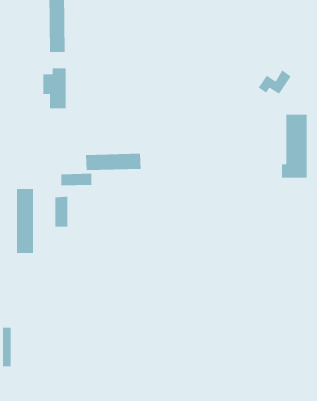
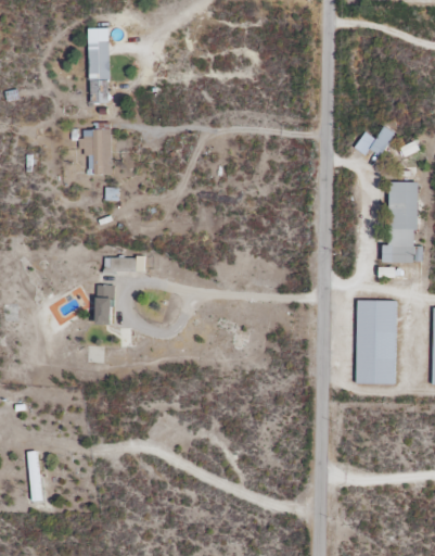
building: [86,153,141,171] -> none
building: [16,188,33,254] -> none
building: none -> [356,301,396,384]

